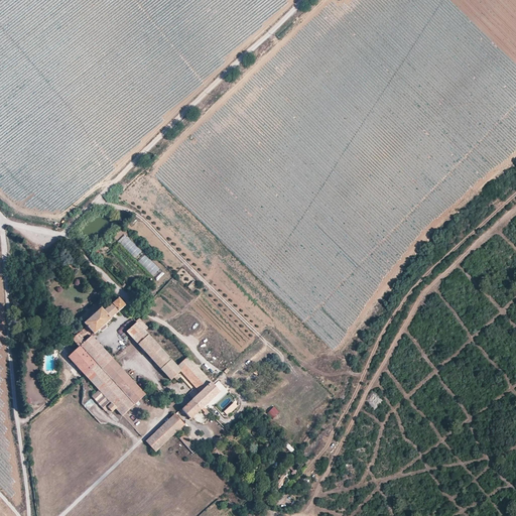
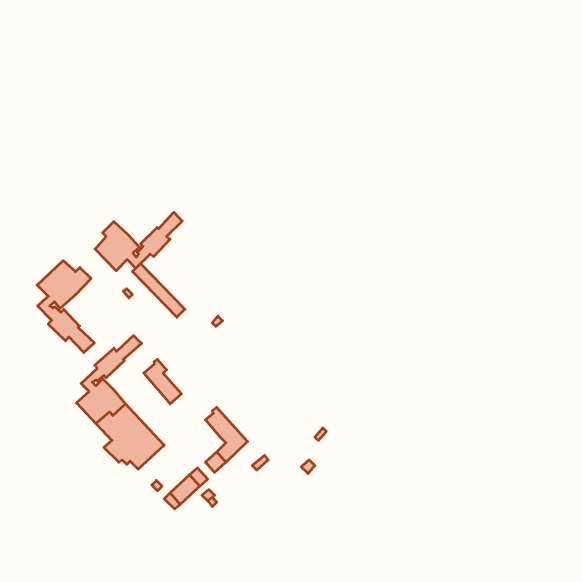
building: none -> [95,212,182,271]
building: none -> [37,261,94,353]
building: [150,348,191,379] -> none

